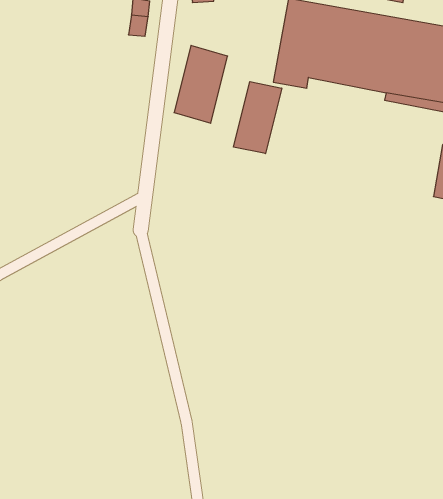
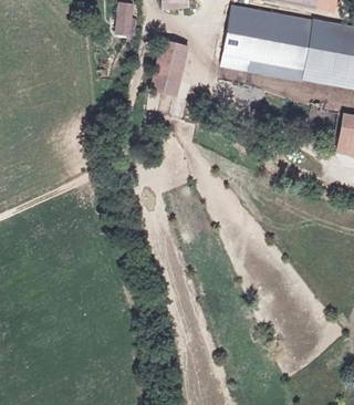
building: [234,82,282,154] -> none

